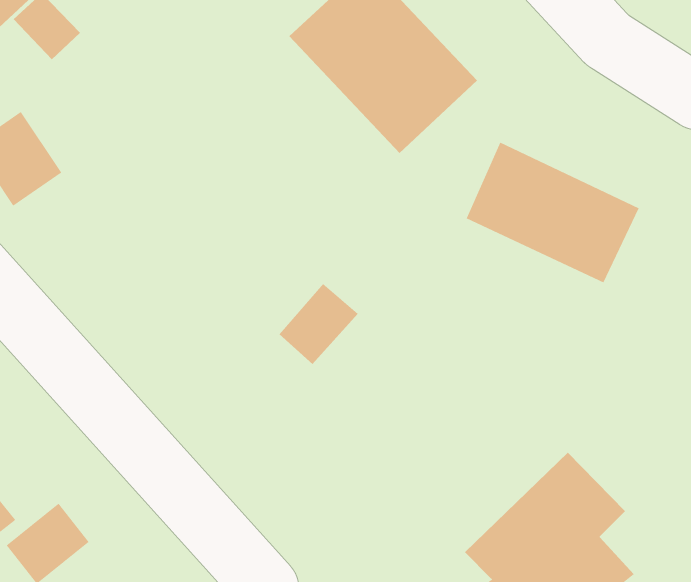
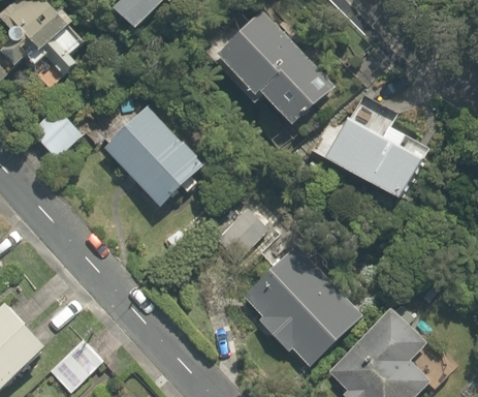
building: none -> [103,98,205,210]
building: none -> [246,248,361,366]

